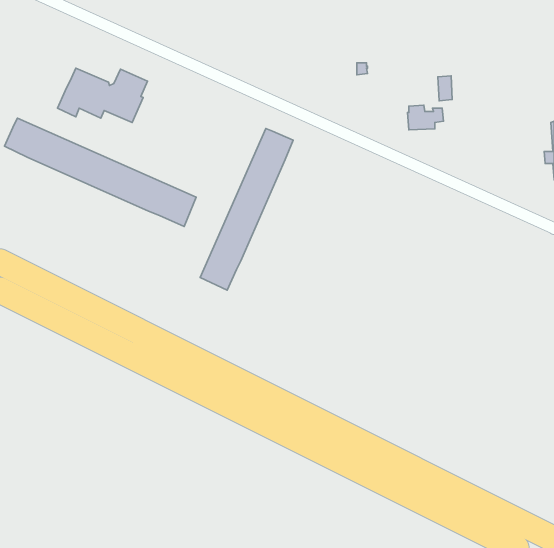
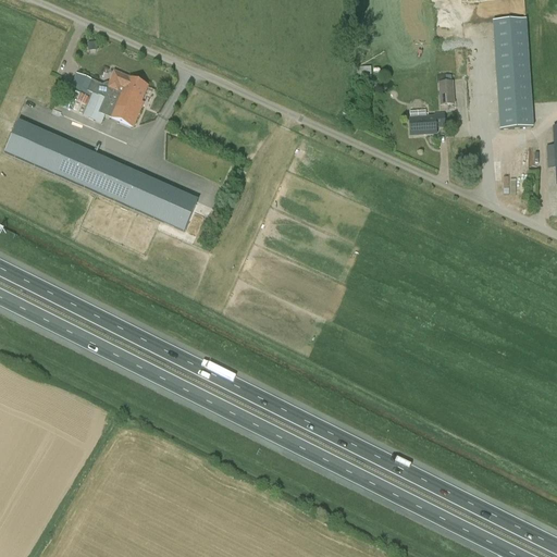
building: none -> [493,15,533,125]
building: [200,129,293,290] -> none

